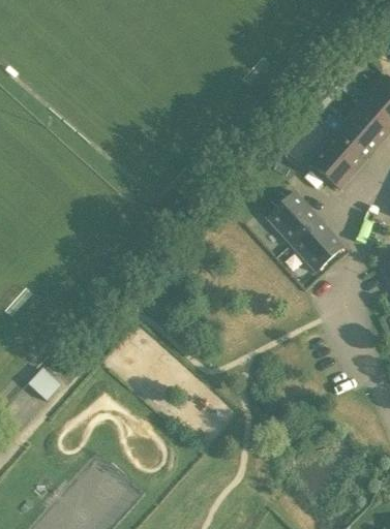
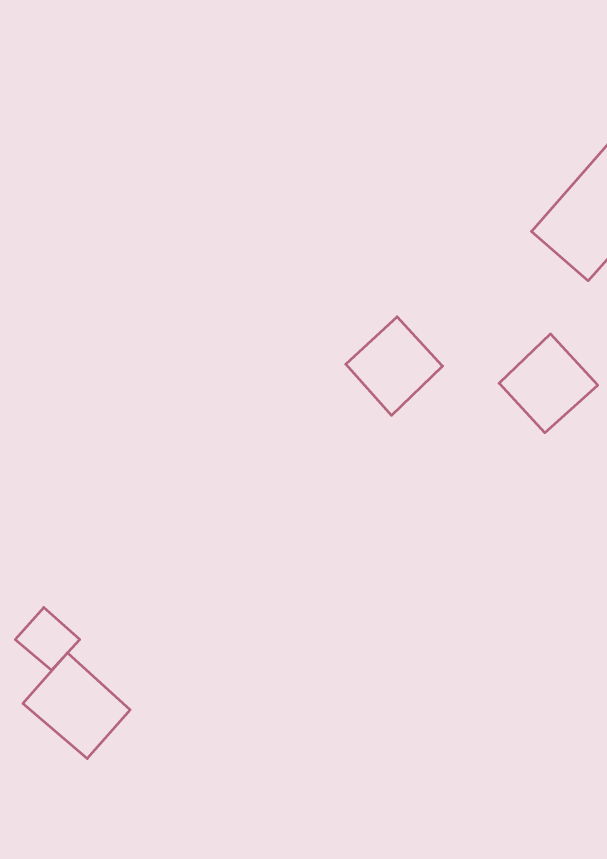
building: [268,191,321,245] -> [346,317,443,415]
building: none -> [23,653,130,759]

